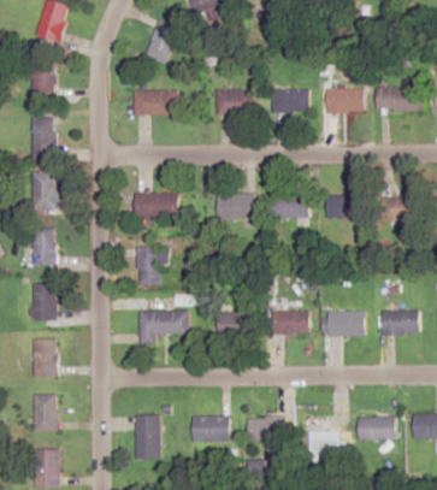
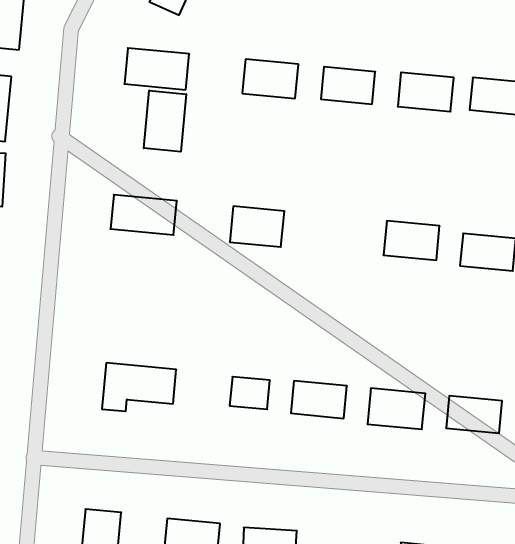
building: none -> [144,90,186,152]
building: [271,195,308,217] -> none
building: [136,247,163,284] -> none

